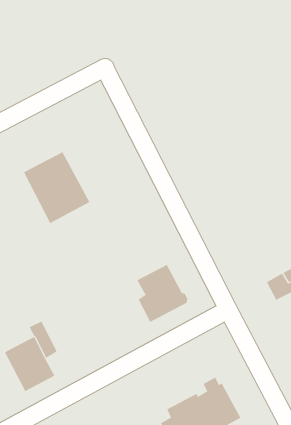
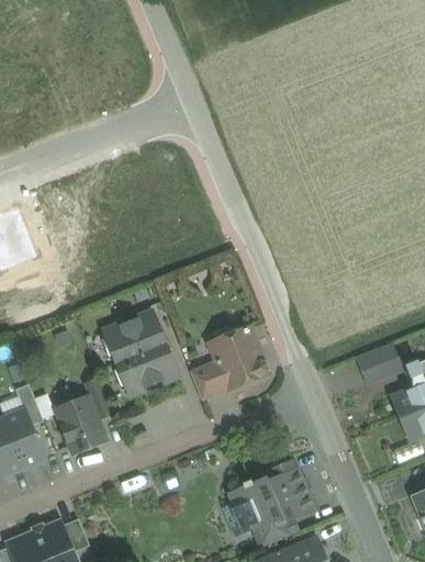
building: [23,152,90,224] -> [104,314,177,394]
building: none -> [189,364,221,400]

